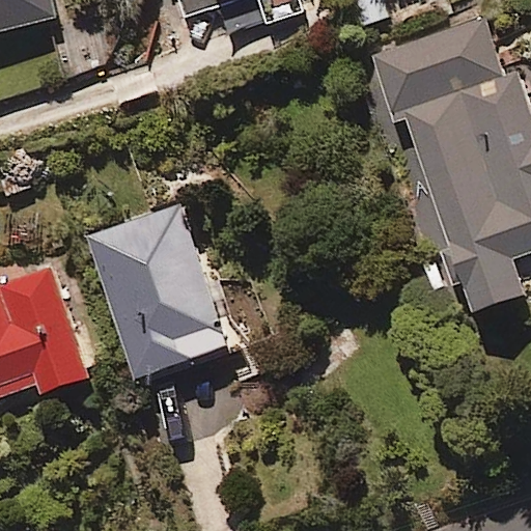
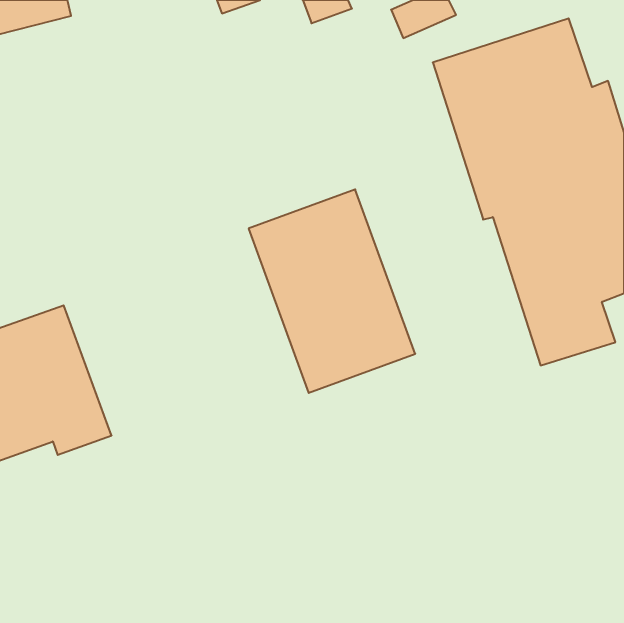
building: [92,202,233,374] -> [249,189,415,393]

